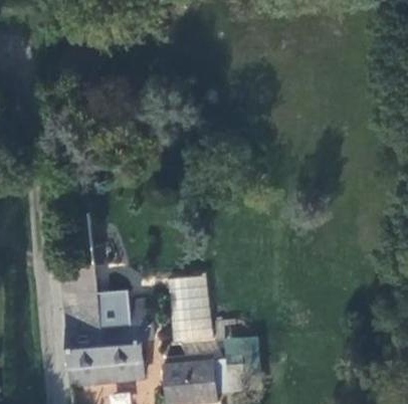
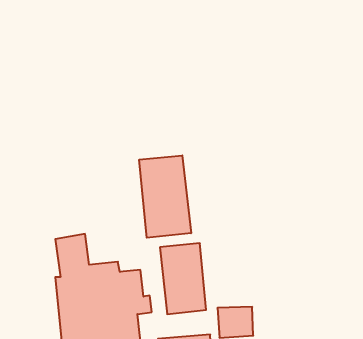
building: none -> [139,155,191,238]

